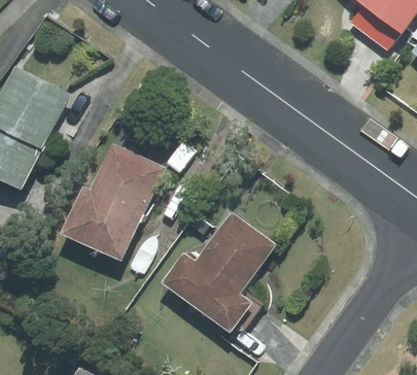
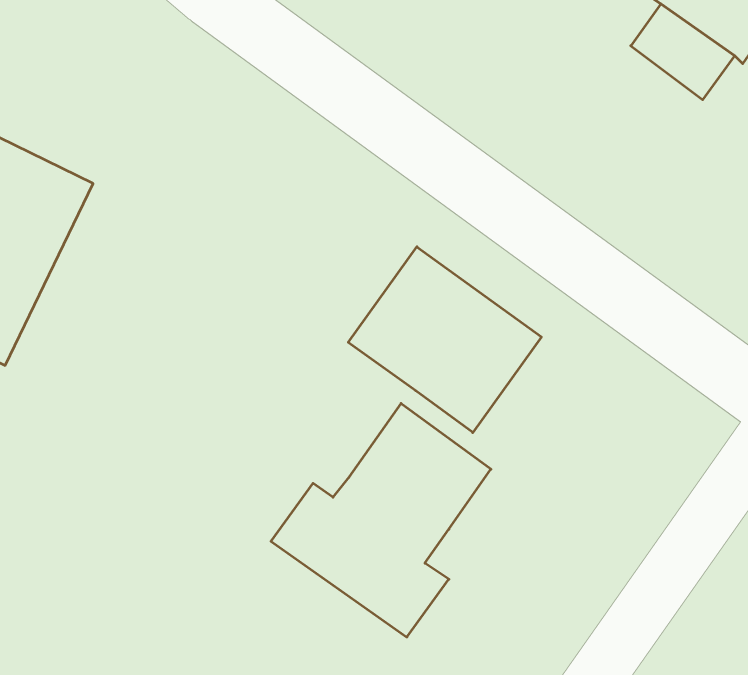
building: none -> [348,247,541,433]
building: [61,144,163,259] -> none

